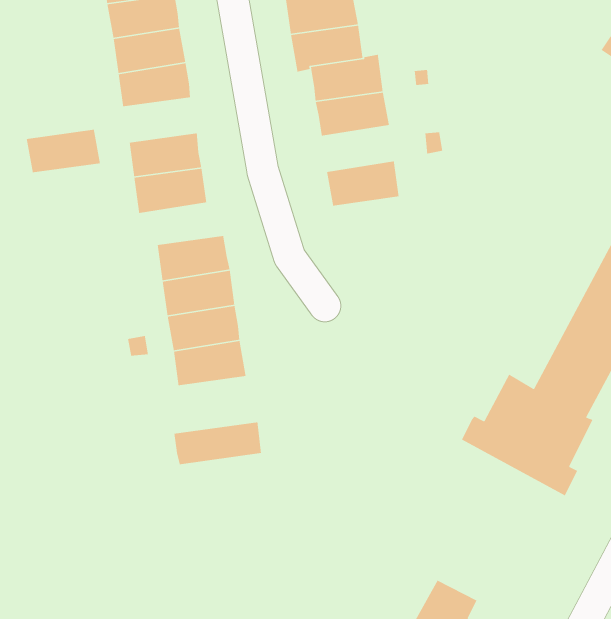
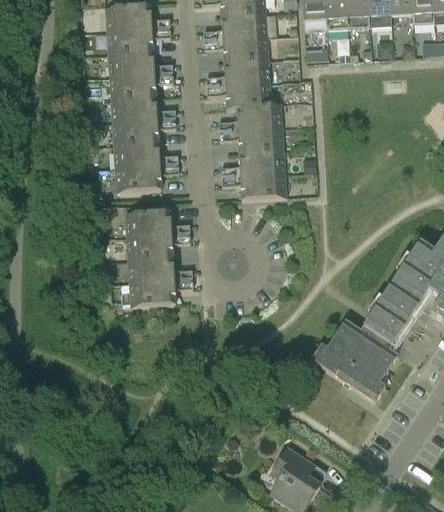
building: none -> [239,148,285,174]
building: [26,129,101,173] -> [112,118,159,143]
building: [174,421,262,465] -> none

